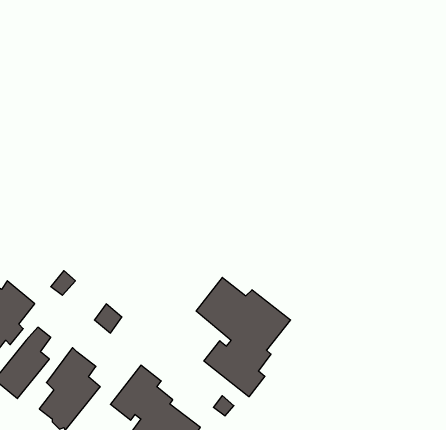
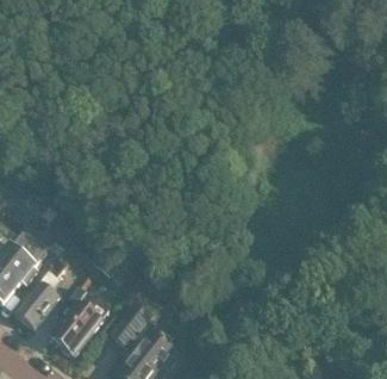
building: [196,277,291,397] -> none

